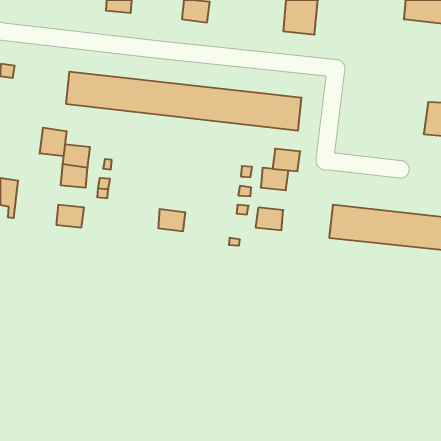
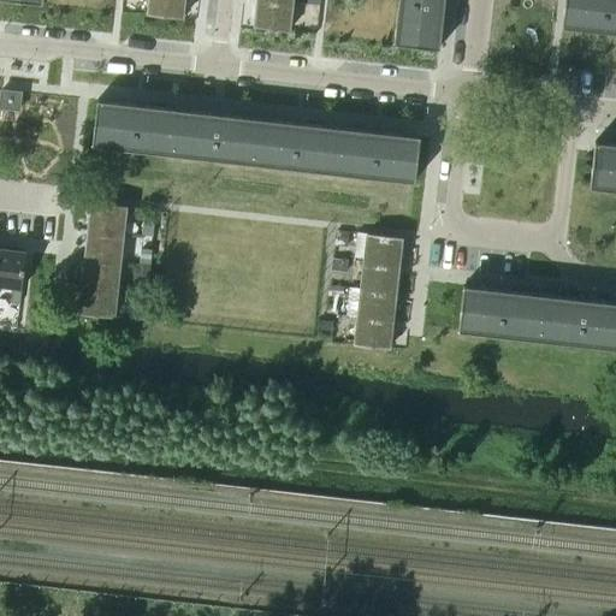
building: [40,128,66,156] -> none
building: [273,149,300,171] -> [361,262,399,294]
building: none -> [83,259,122,290]
building: [159,209,185,231] -> none
building: none -> [355,318,393,349]

